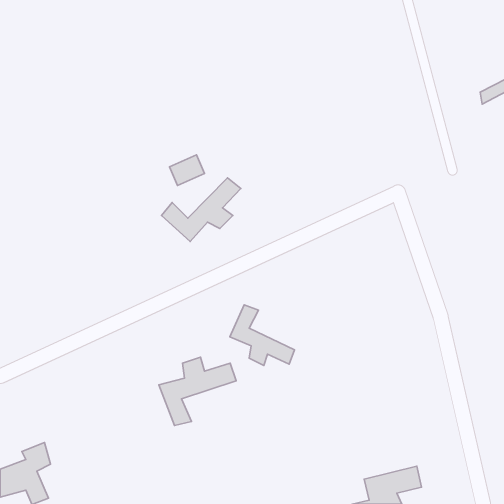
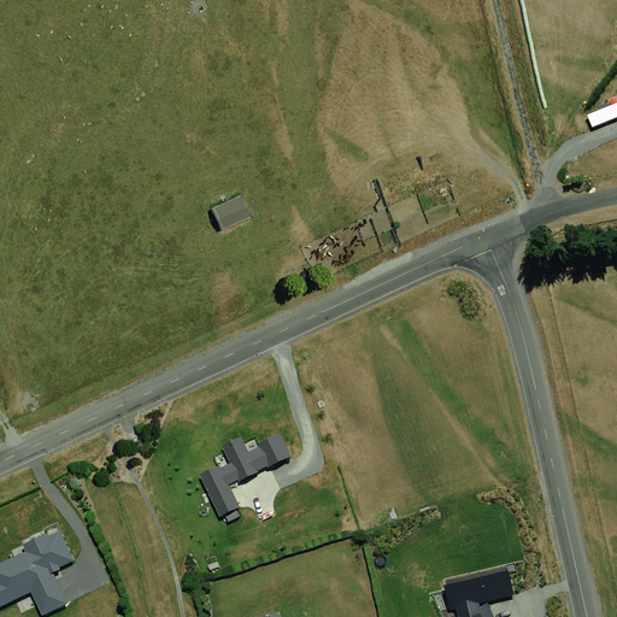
building: [161,178,241,242] -> none
building: [230,305,295,365] -> none

